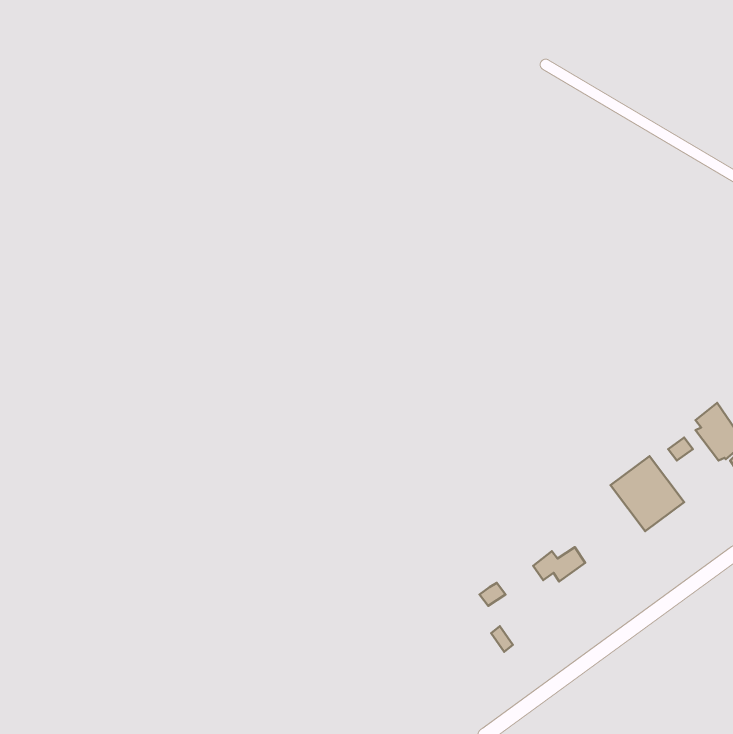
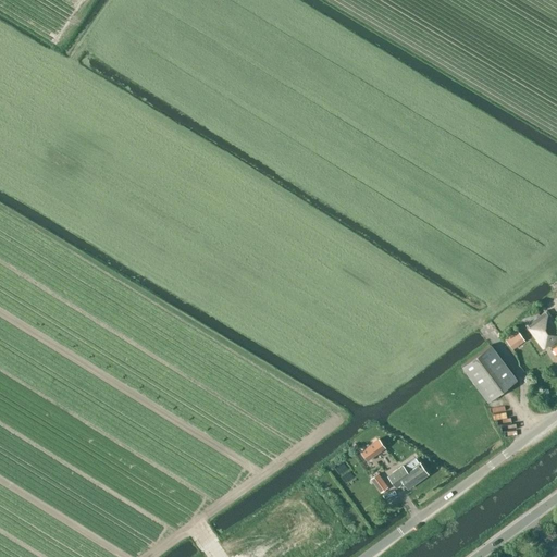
building: [533,547,585,582] -> [391,463,430,490]

